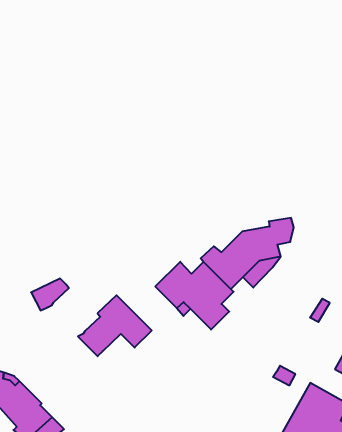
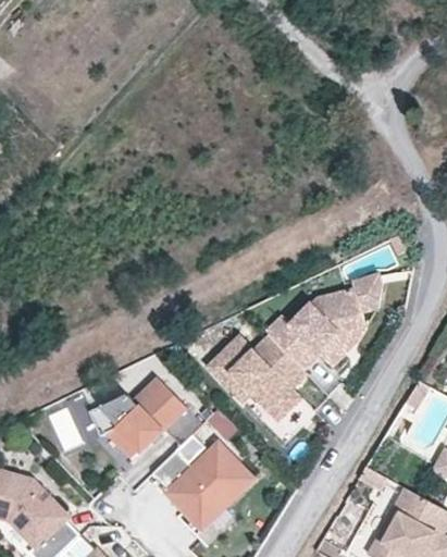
building: [31,279,69,310] -> [90,393,138,433]
building: none -> [152,443,251,522]

